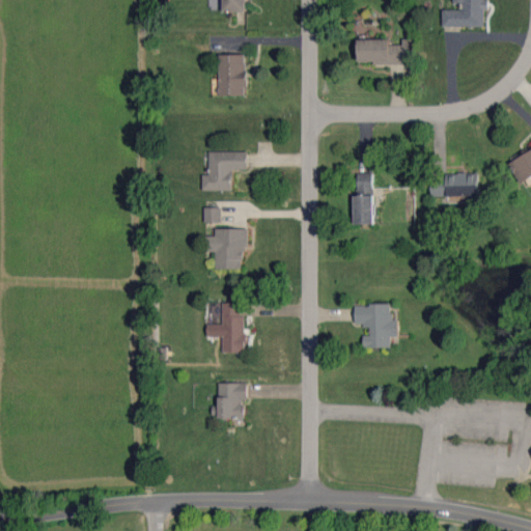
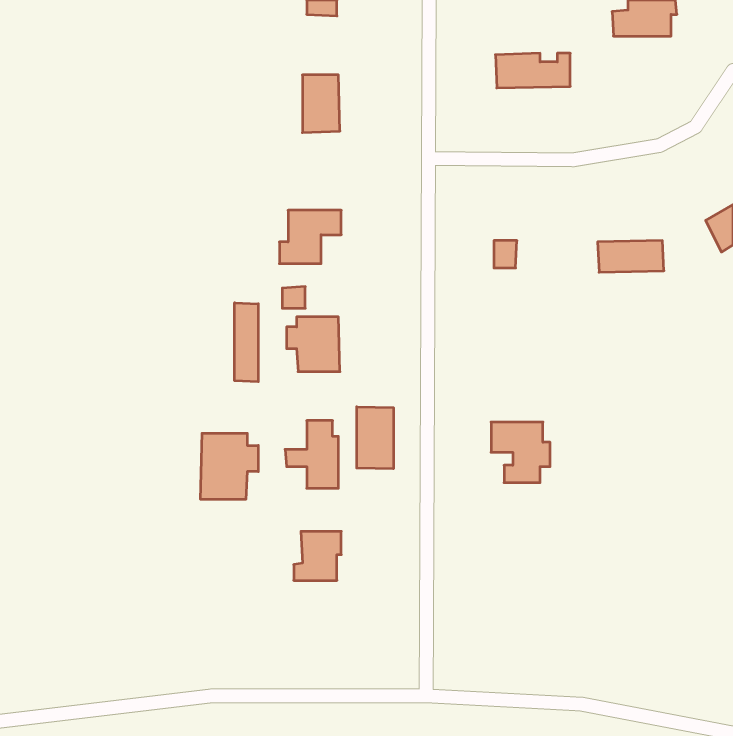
building: [353,195,373,224] -> none
building: none -> [235,303,258,382]
building: none -> [357,407,393,469]
building: none -> [201,433,258,499]

